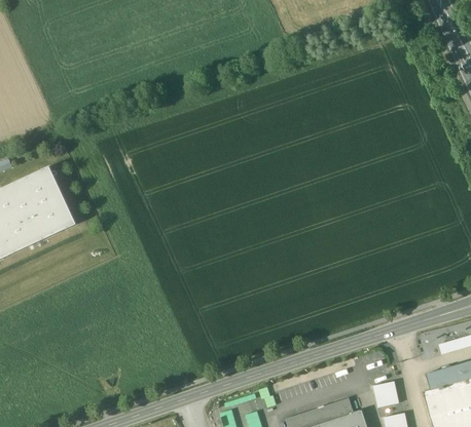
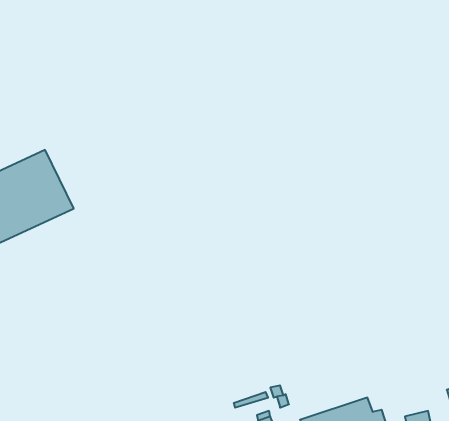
building: [372,380,399,407] -> none

